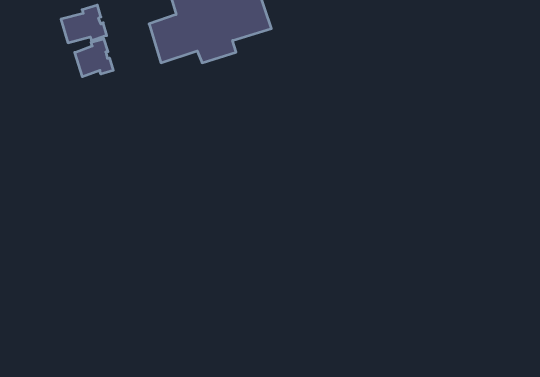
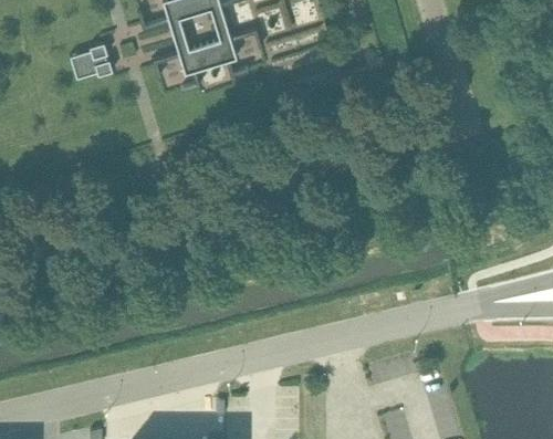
building: [75,38,113,77] -> none

